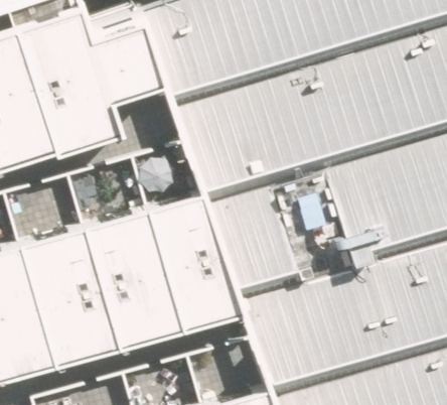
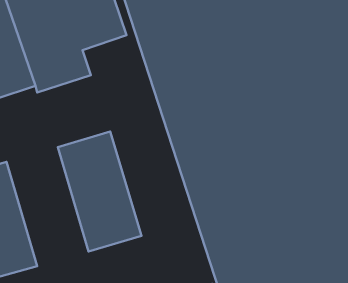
building: [139,175,230,317] -> none
building: [13,210,113,355] -> none

